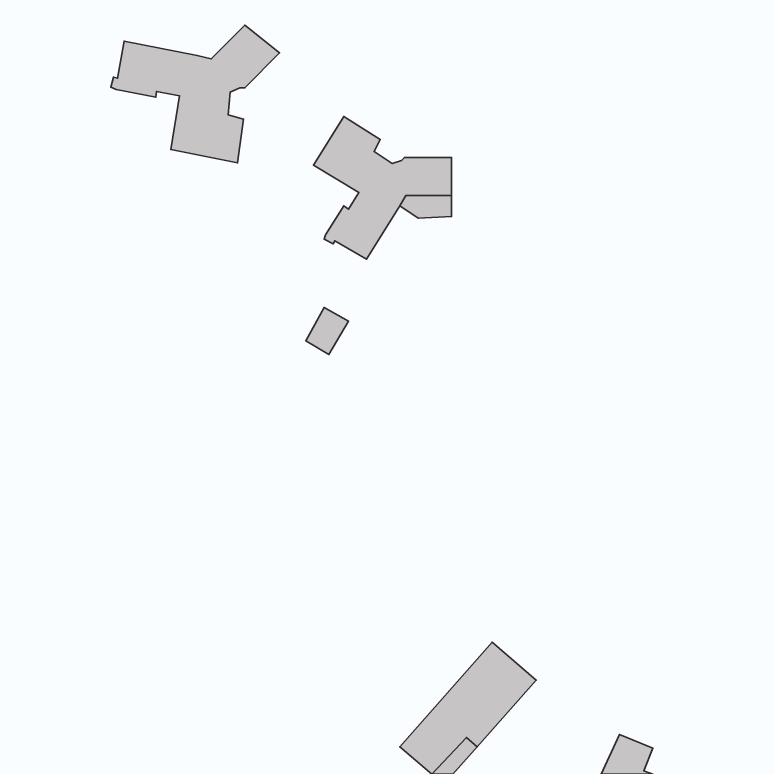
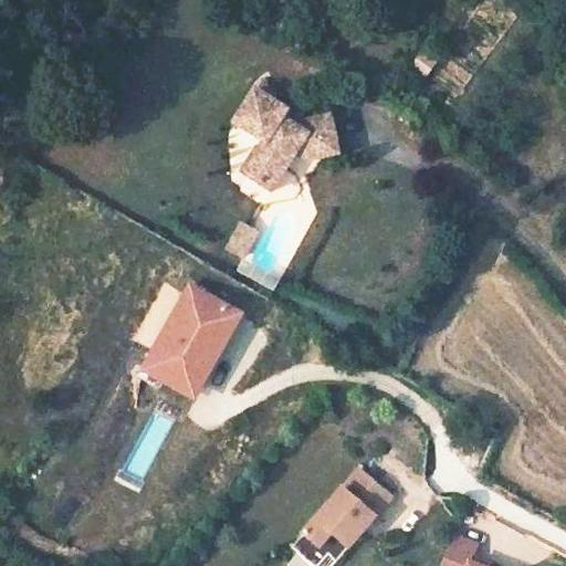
building: [111,25,279,163] -> none
building: none -> [149,290,241,394]

